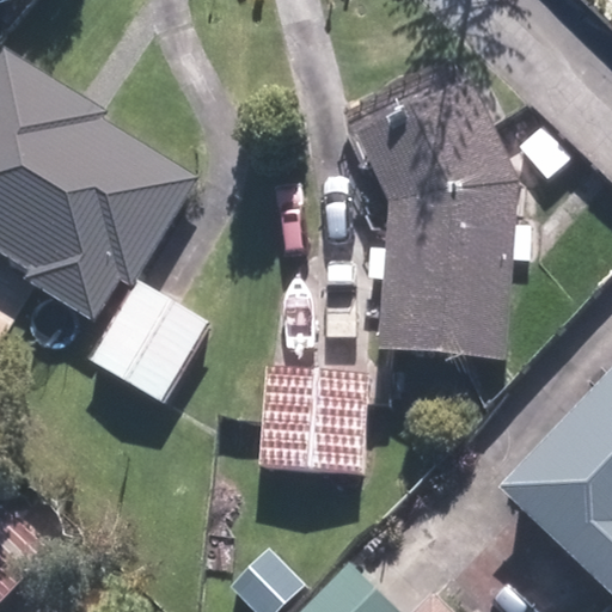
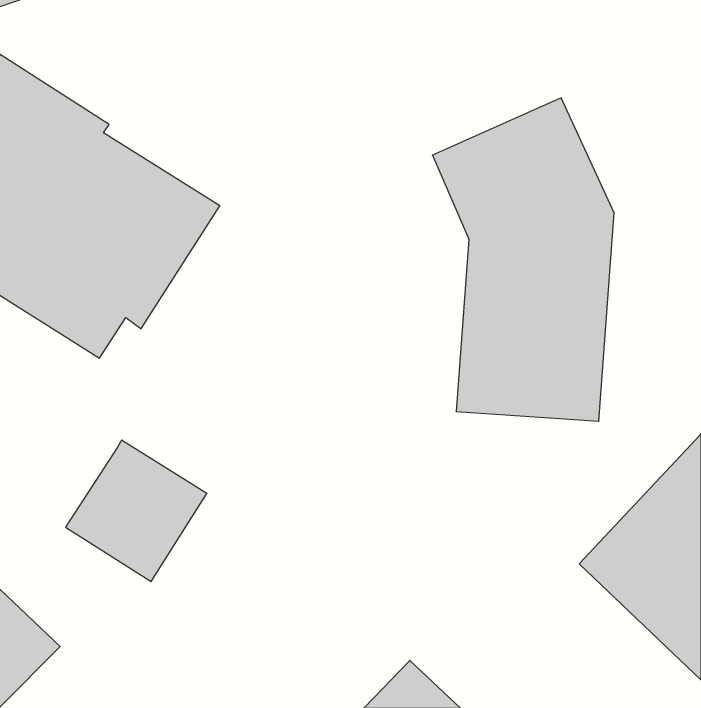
building: [76,275,197,396] -> [66,440,207,582]
building: [264,363,371,472] -> none

